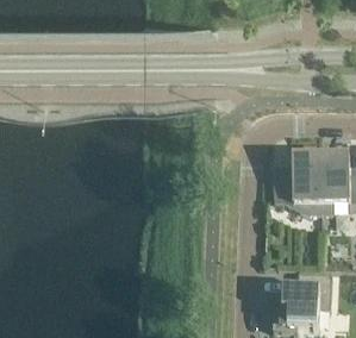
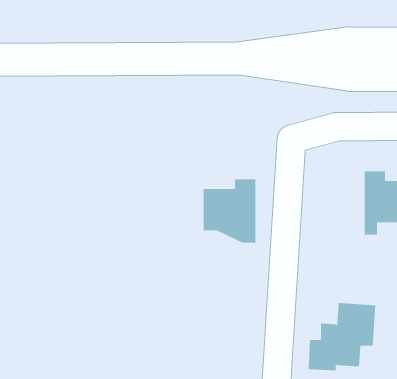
building: [275,156,321,212] -> [203,179,256,243]

